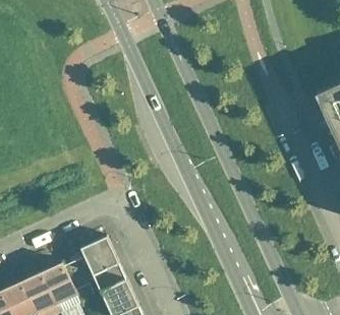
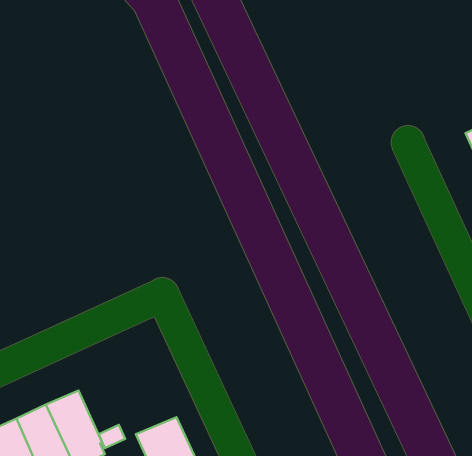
building: [80,237,119,276] -> none

